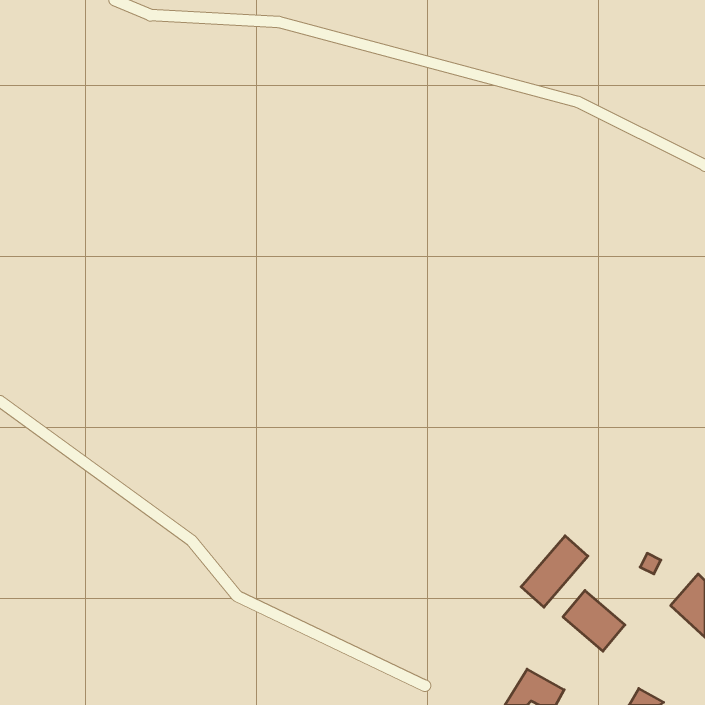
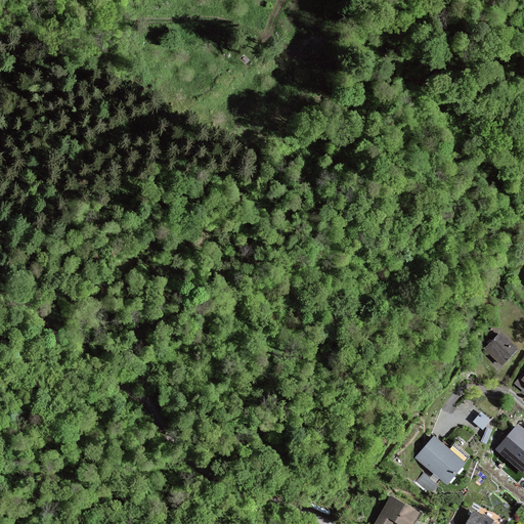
building: none -> [485,334,517,364]
building: [521,536,588,607] -> none

